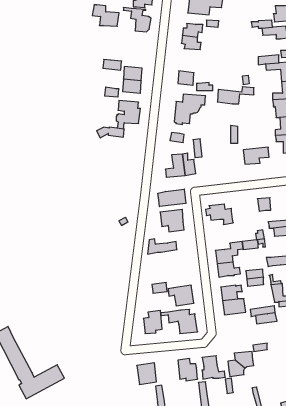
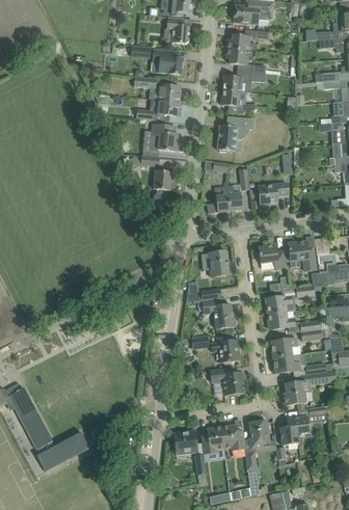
building: [92,5,119,26] -> [152,49,183,74]
building: [217,87,254,104] -> [222,72,265,91]
building: none -> [153,169,173,204]
building: [243,147,269,164] -> [258,183,288,203]
building: [158,189,186,207] -> none
building: none -> [284,241,316,270]
building: none -> [197,297,236,328]
building: [143,310,162,334] -> [202,426,223,453]
building: none -> [284,380,310,409]

